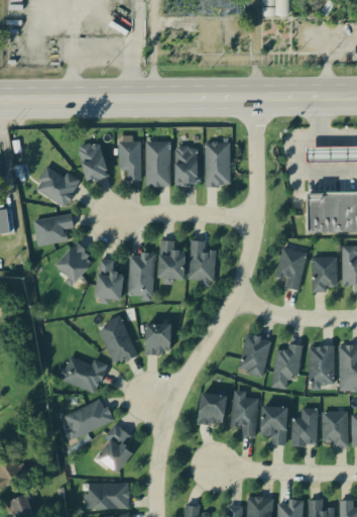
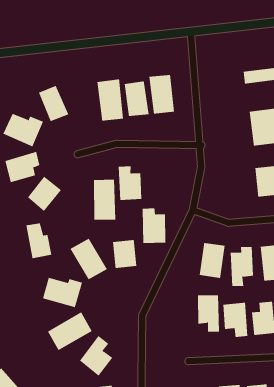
building: [121,136,143,180] -> none
building: [188,240,217,282] -> [142,208,166,243]
building: [277,247,307,290] -> none
building: [96,260,122,299] -> [26,223,52,259]
building: [197,391,226,425] -> none

